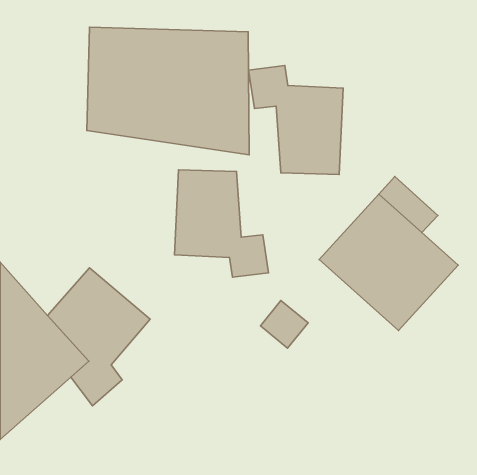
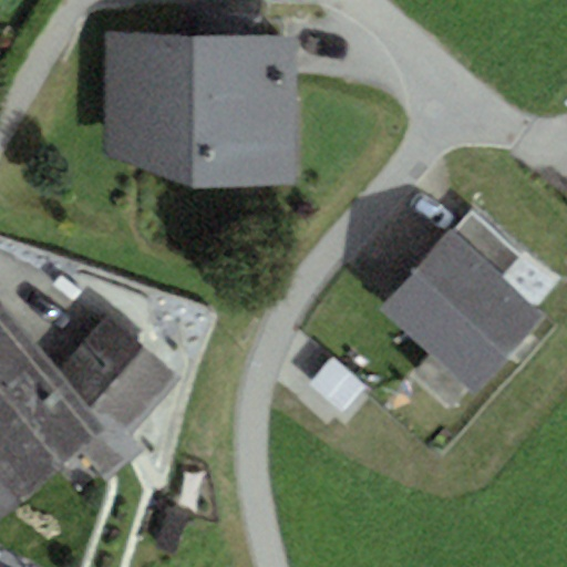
building: [249,66,343,175] -> none
building: [175,170,269,277] -> none

